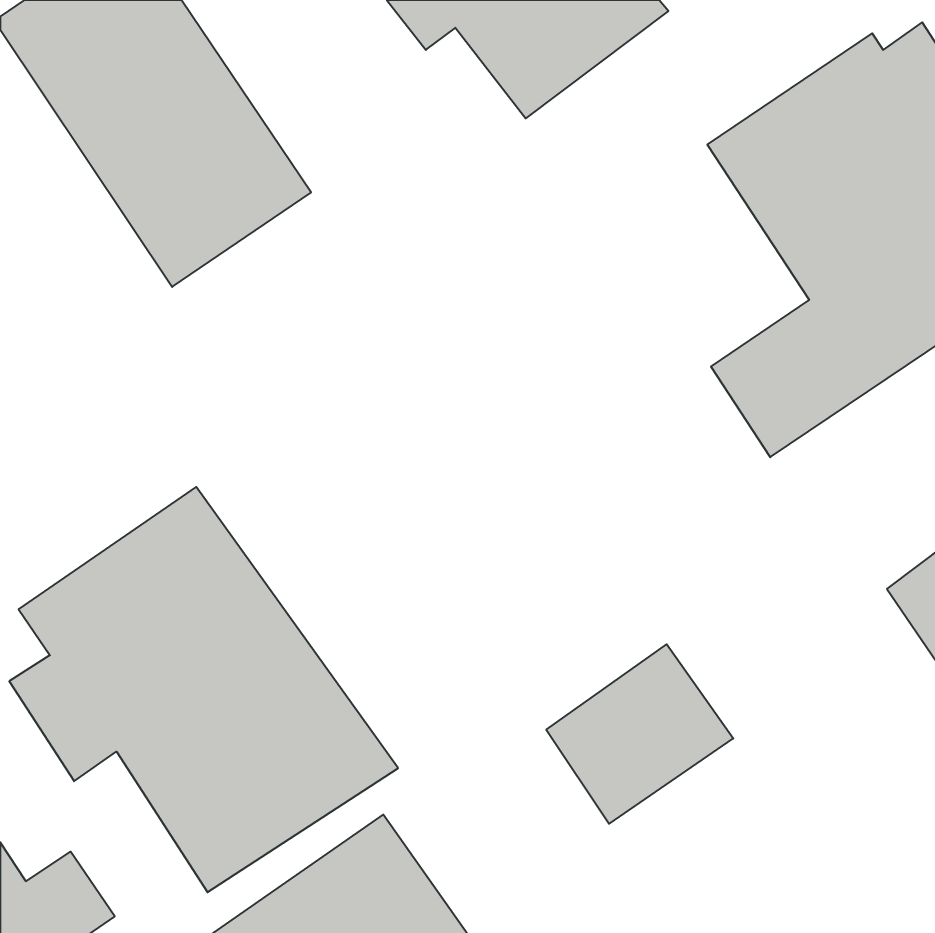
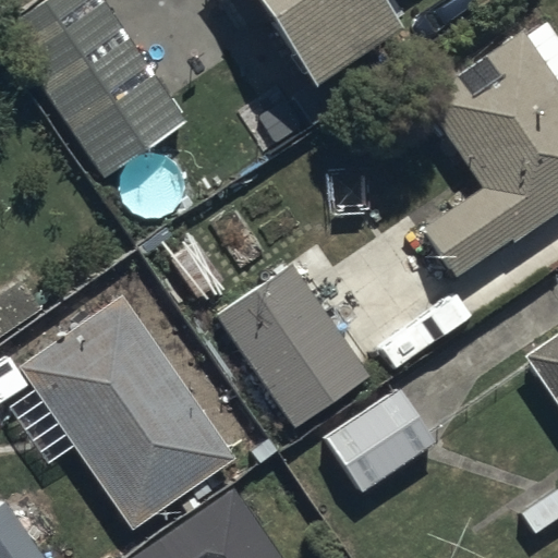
building: none -> [214,264,369,429]

